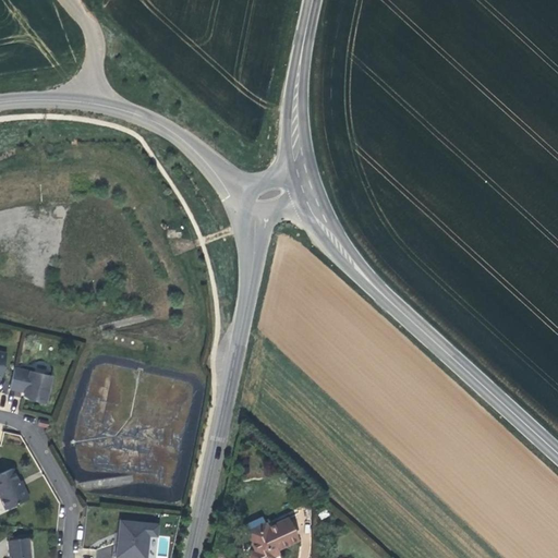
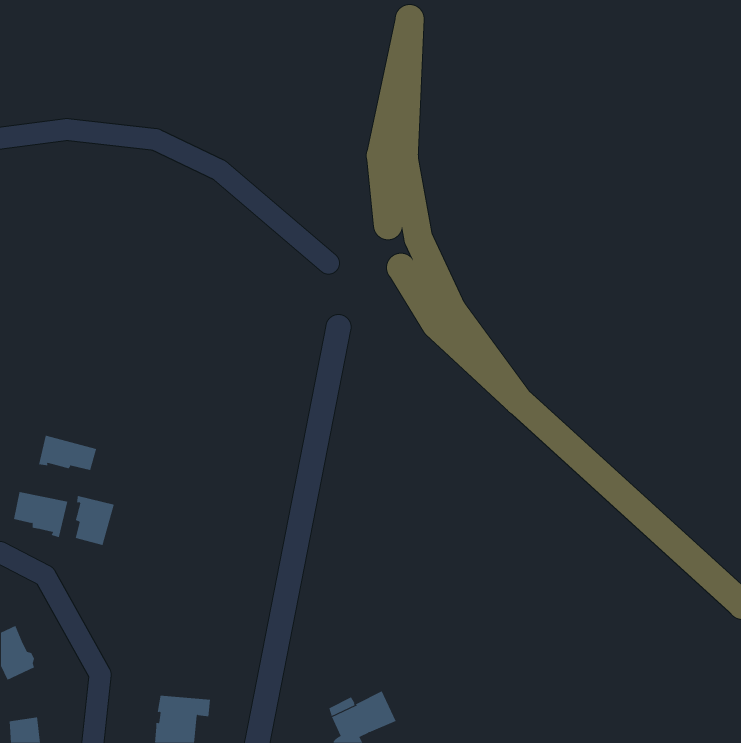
building: none -> [38,435,97,471]
building: none -> [75,495,115,546]

